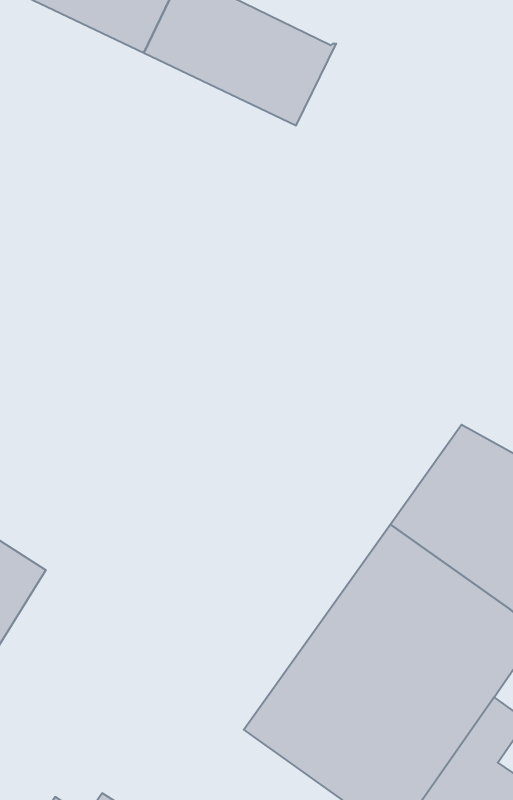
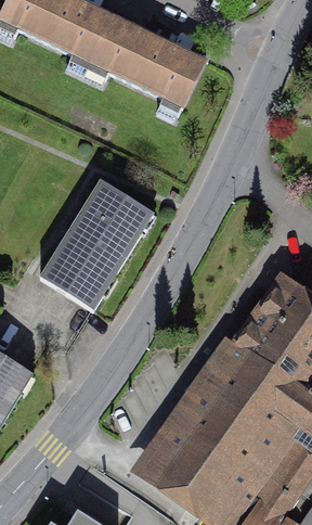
building: none -> [39,180,152,309]

